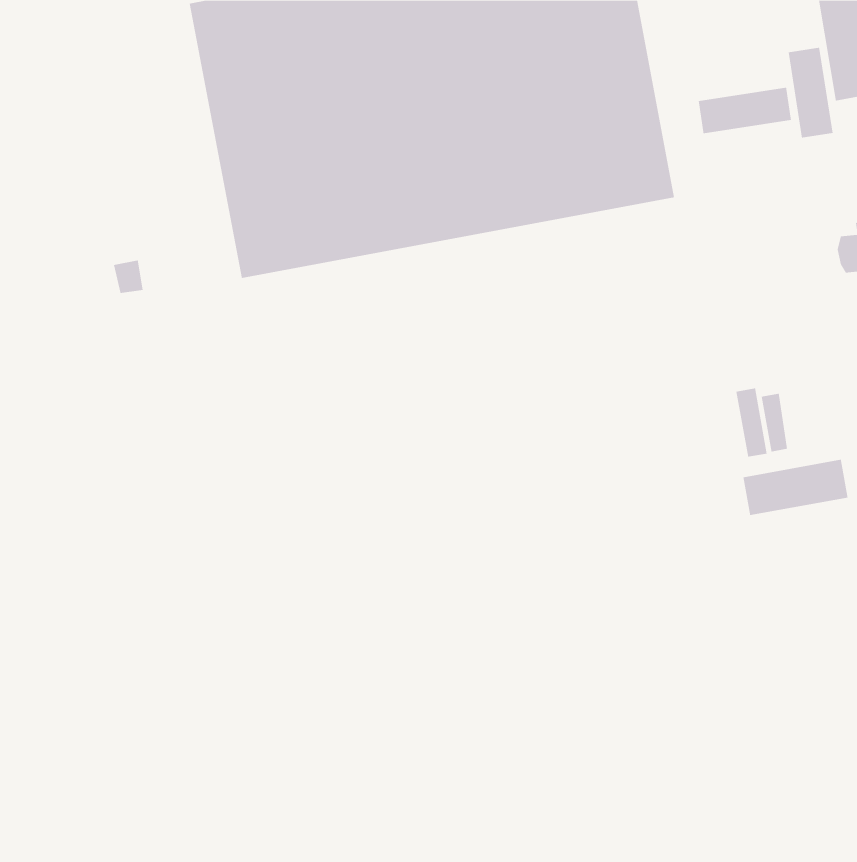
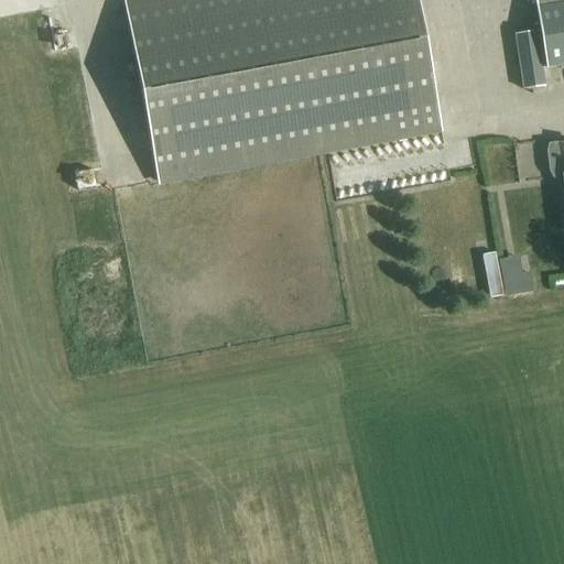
building: [698,87,792,134] -> none
building: [743,459,848,516] -> none

